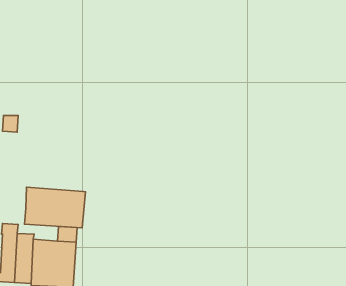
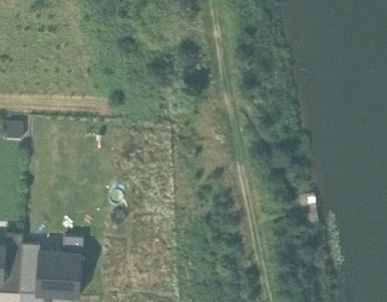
building: [24,187,86,228] -> none

